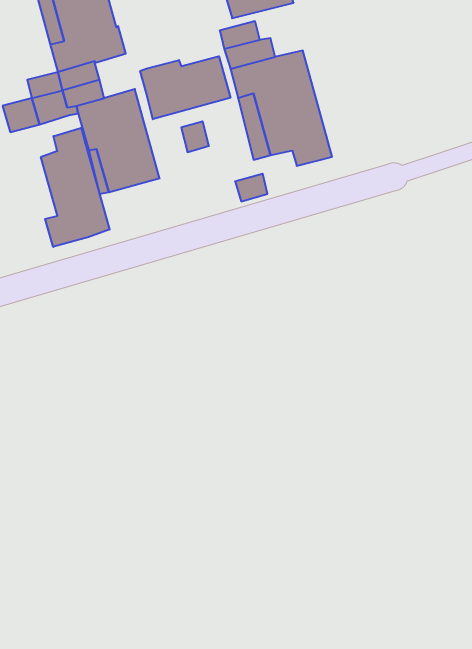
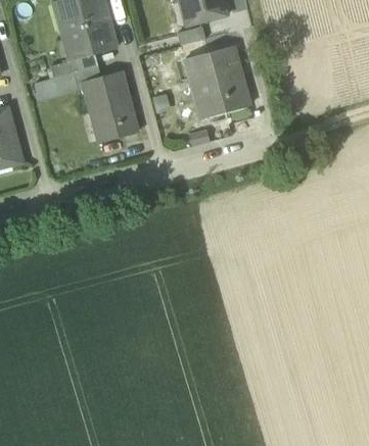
building: [140,56,230,119] -> none
building: [41,128,110,247] -> none

